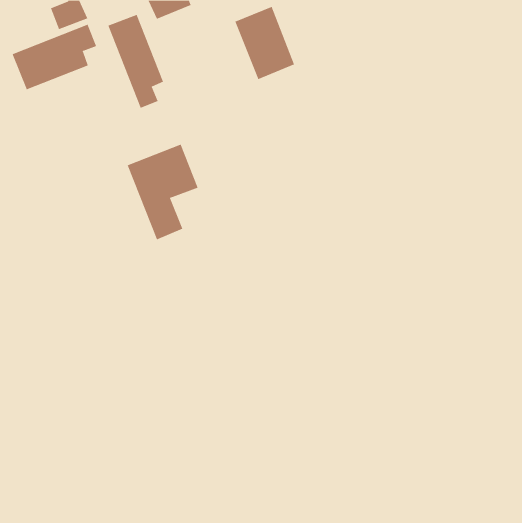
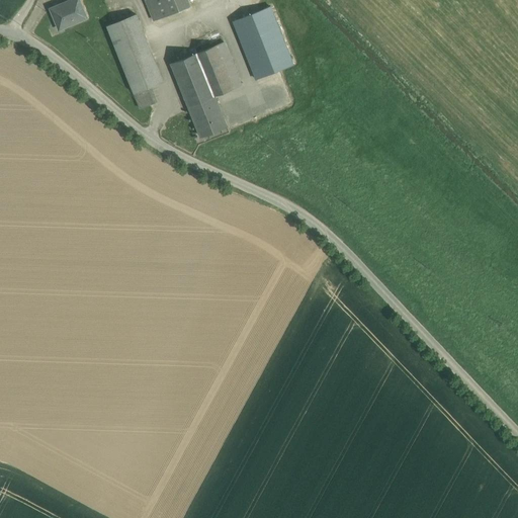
building: [12,24,97,90] -> none
building: [127,144,199,240] -> [170,41,241,137]

